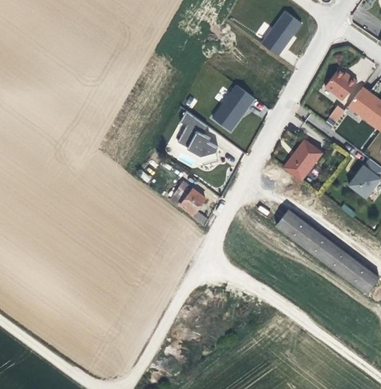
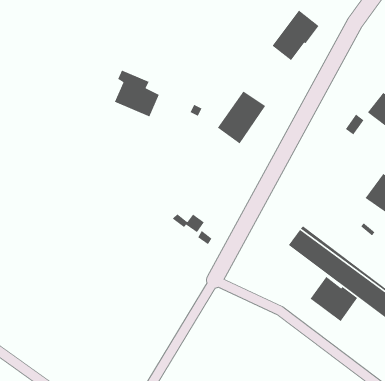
building: [323,65,357,100] -> none
building: [177,115,219,159] -> [114,69,160,118]
building: [282,140,322,182] -> none
building: none -> [310,276,358,322]

